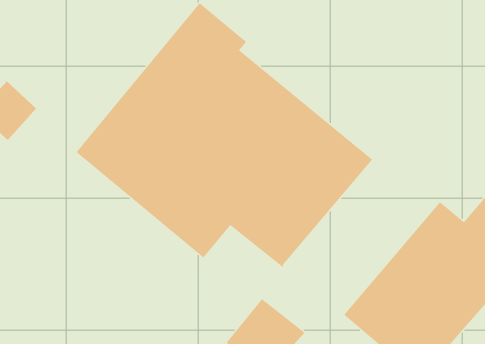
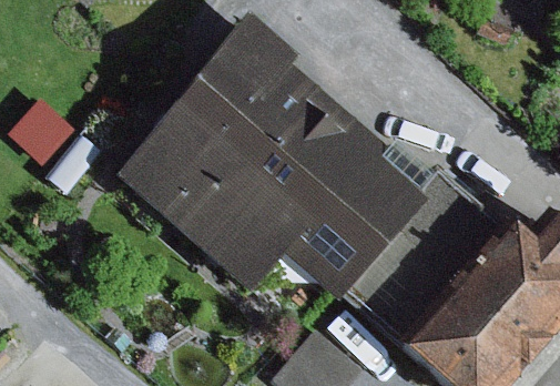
building: none -> [338,173,505,347]

